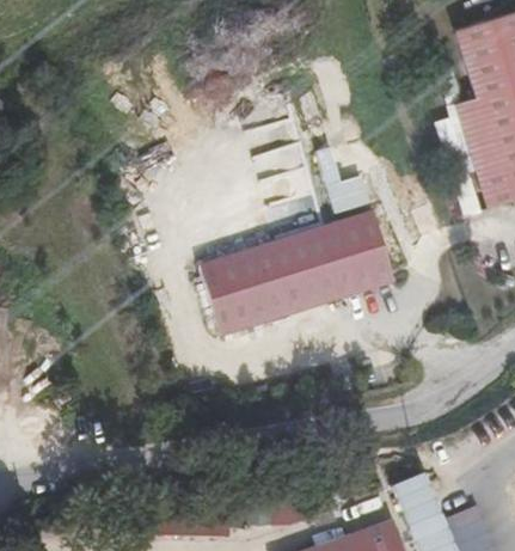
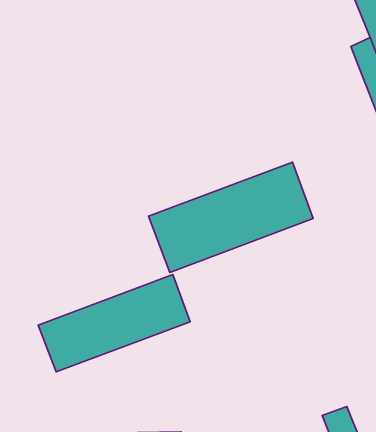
building: none -> [38,275,190,372]

